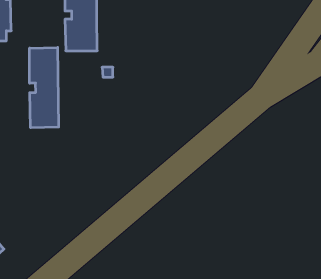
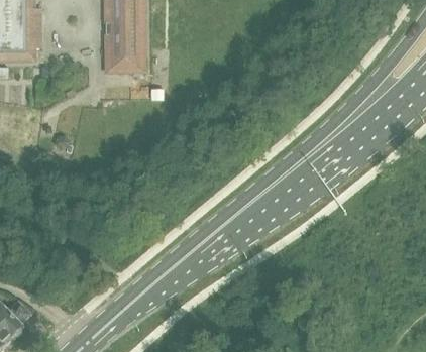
building: [30,47,59,128] -> none

